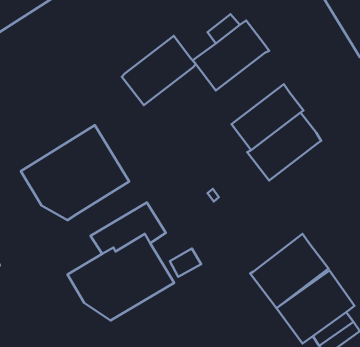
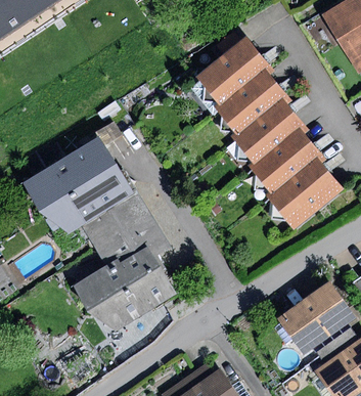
building: [122,36,196,105] -> [214,69,286,136]
building: none -> [81,192,147,246]
building: [250,234,329,308] -> [266,157,343,229]

